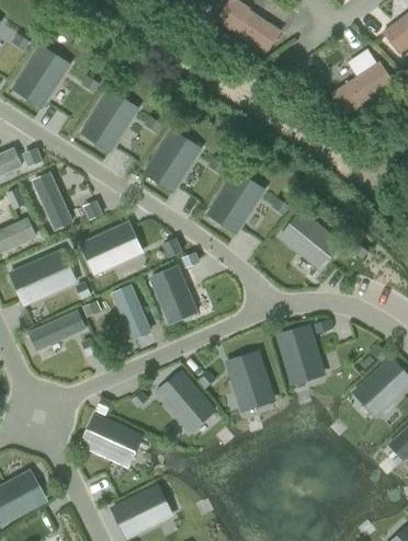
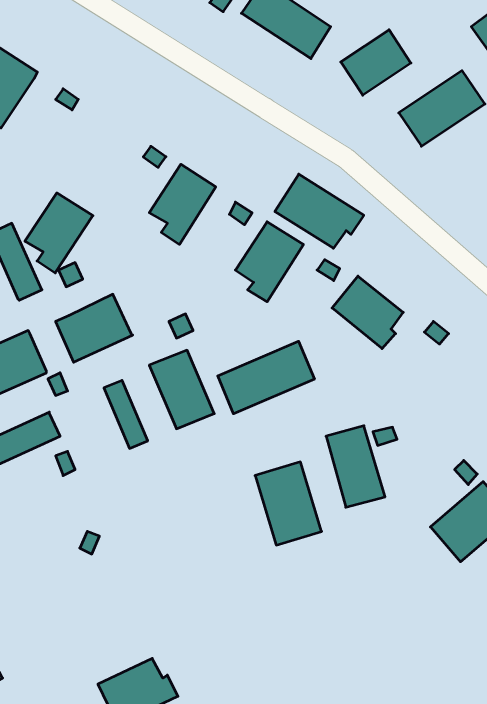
building: none -> [341,30,411,95]
building: [84,93,134,151] -> [25,193,93,273]
building: none -> [275,174,364,248]
building: none -> [218,341,314,414]
building: [154,368,215,429] -> none
building: [83,414,137,463] -> none

